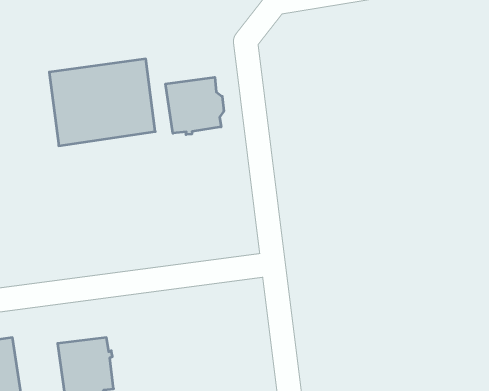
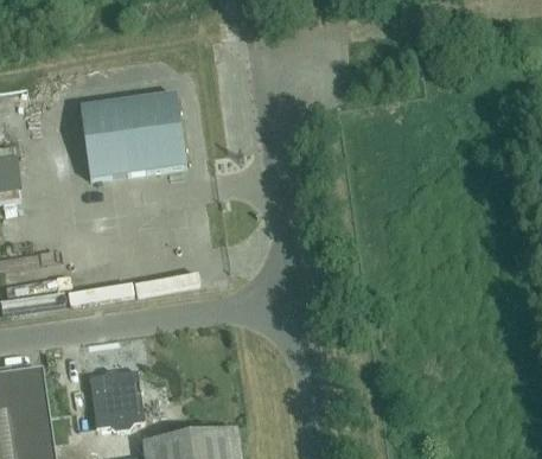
building: [166,77,224,135] -> none

